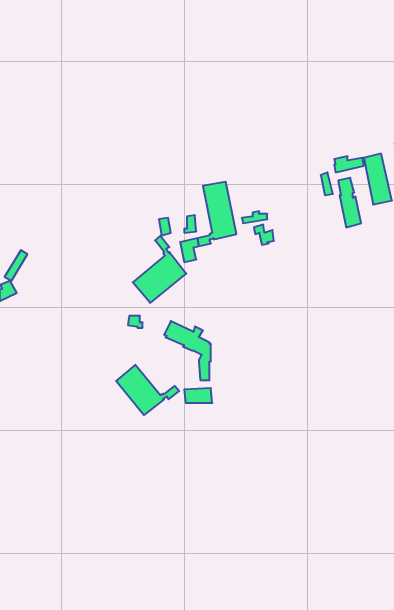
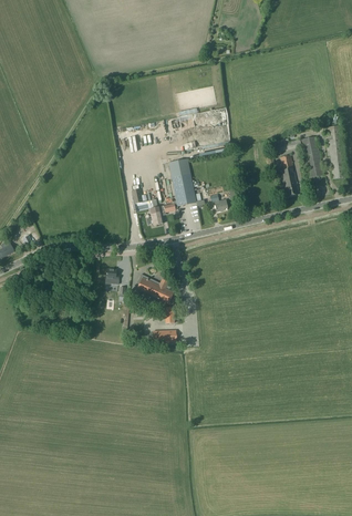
building: [133,236,186,303] -> none
building: [116,365,179,415] -> none

